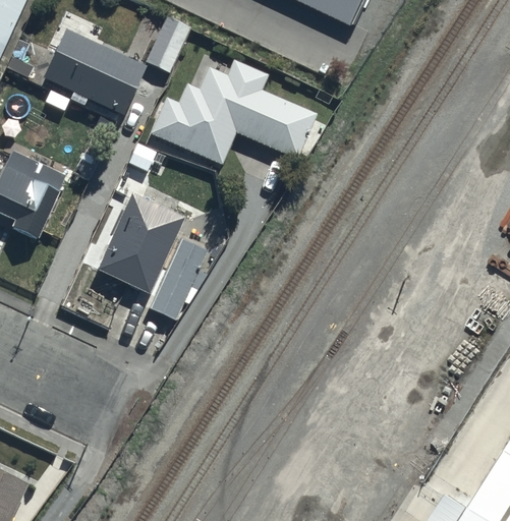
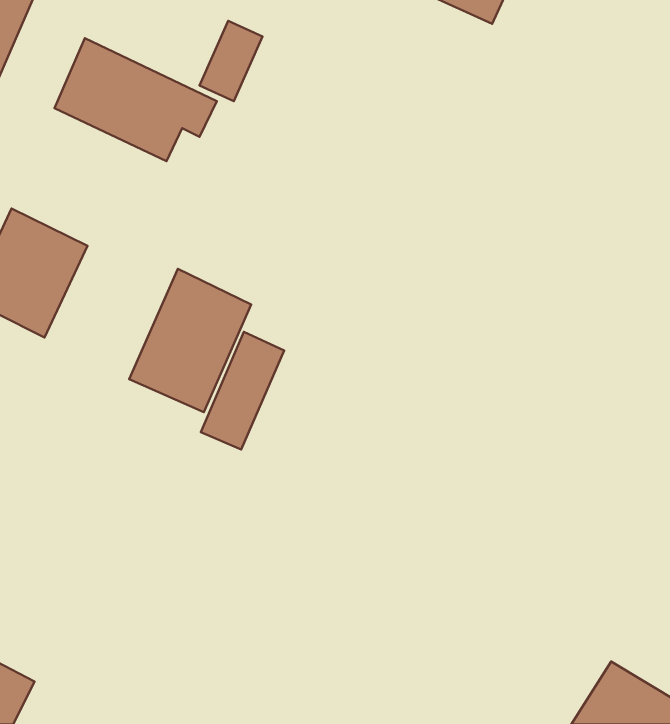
building: [149,59,317,165] -> none

